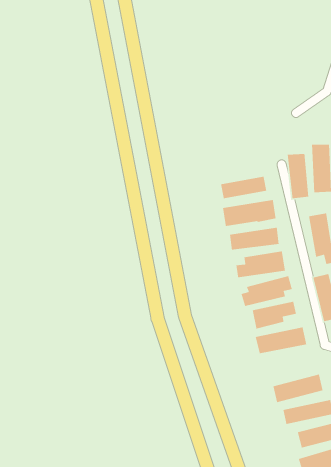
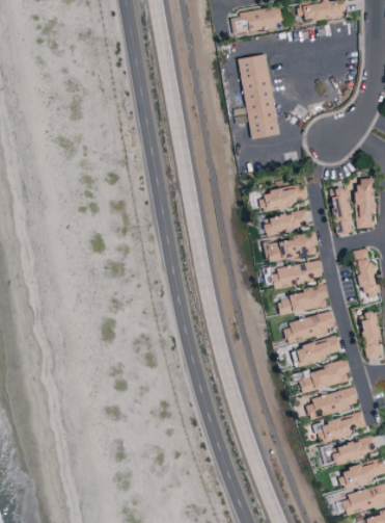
building: none -> [239,55,277,139]
building: none -> [256,185,307,211]
building: none -> [305,388,358,420]

